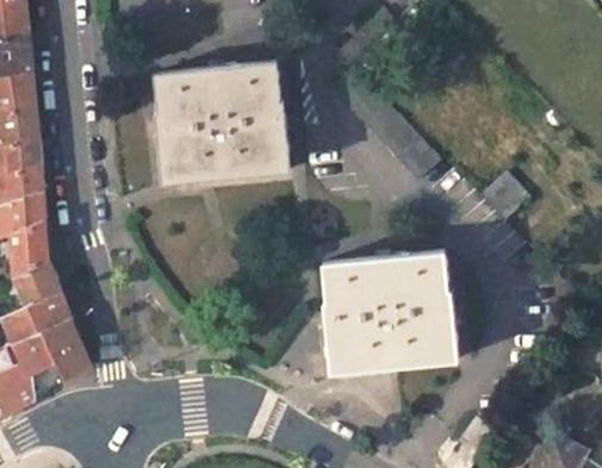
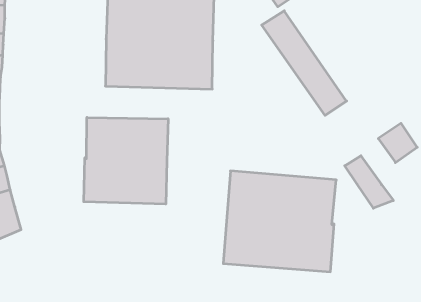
building: none -> [84,117,168,204]
building: none -> [345,156,393,208]

